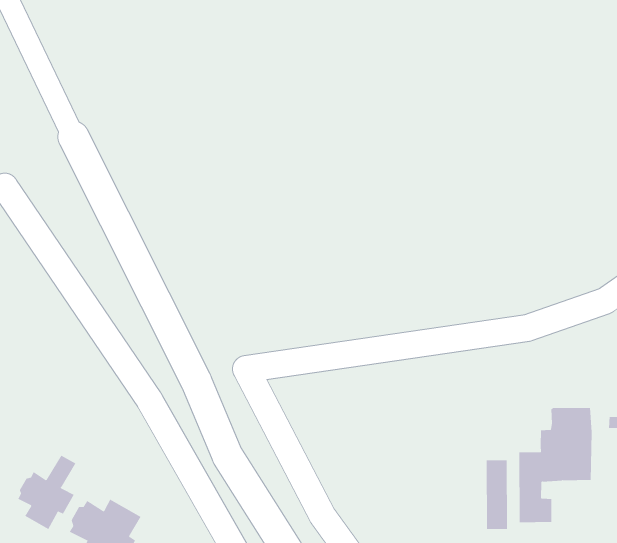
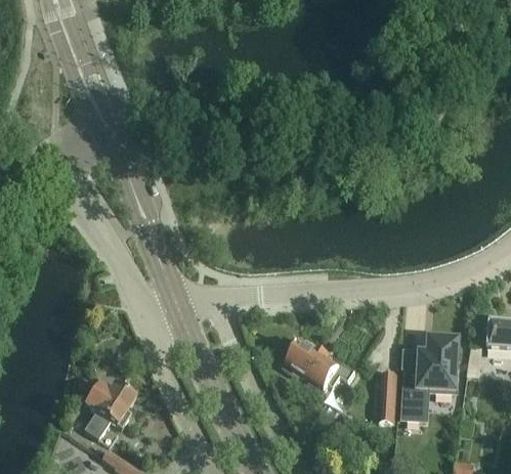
building: none -> [281,341,354,394]
building: [18,455,76,530] -> none

